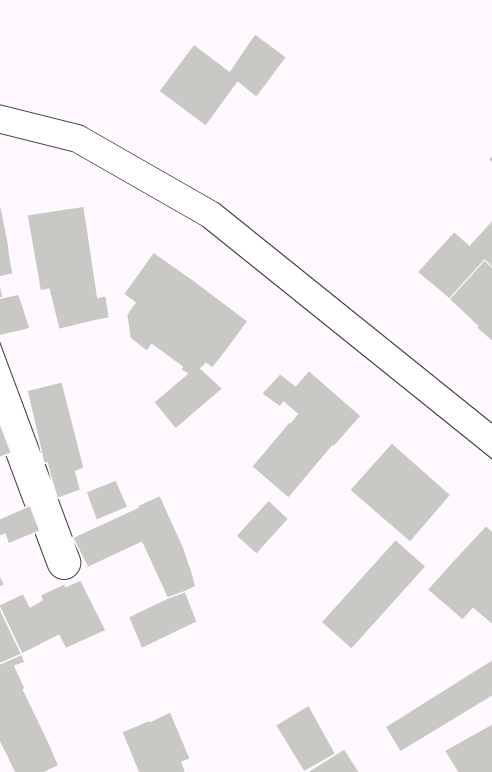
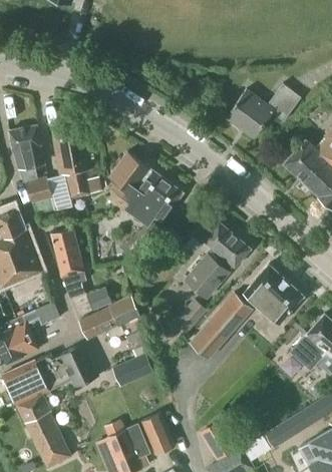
building: [158,34,287,127] -> [225,84,301,139]
building: [321,539,426,649] -> [190,294,252,359]
building: none -> [140,414,175,456]

